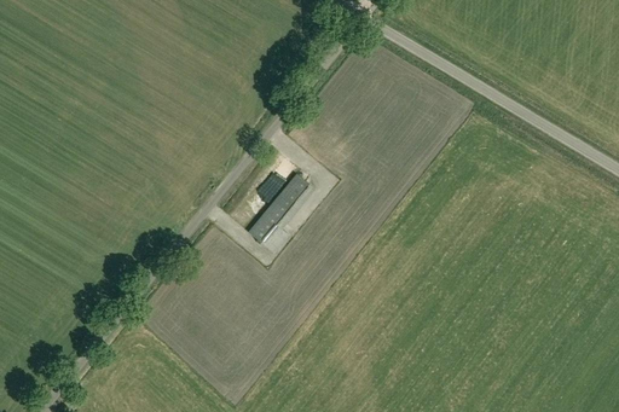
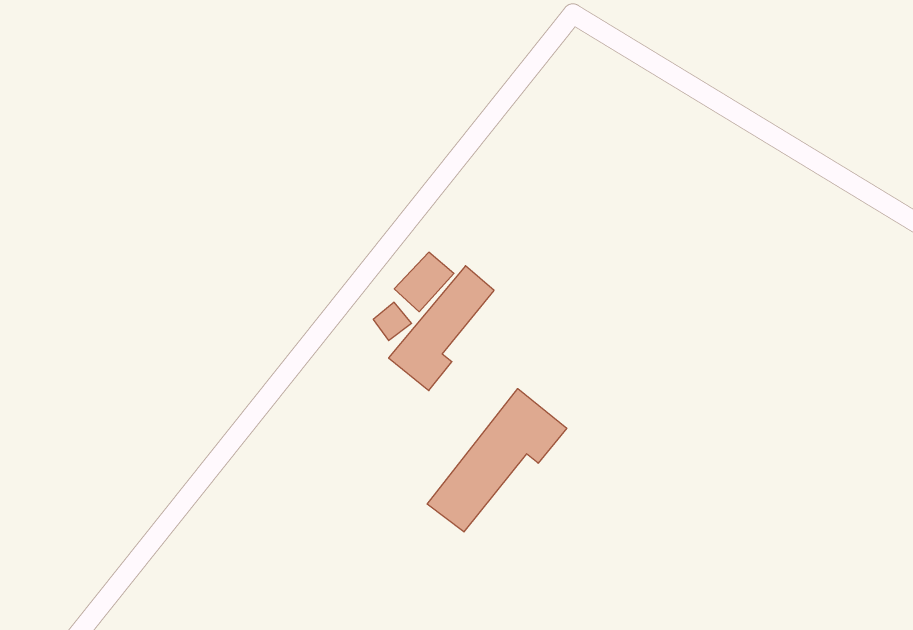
building: none -> [427,389,567,532]

